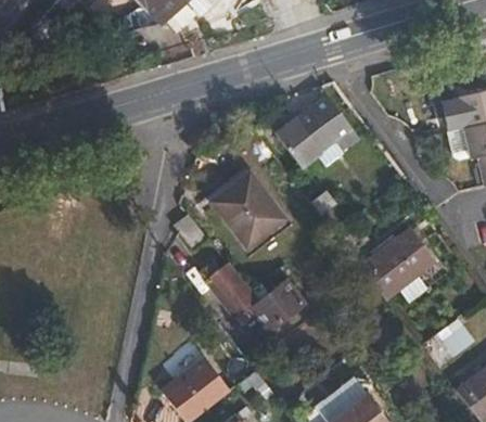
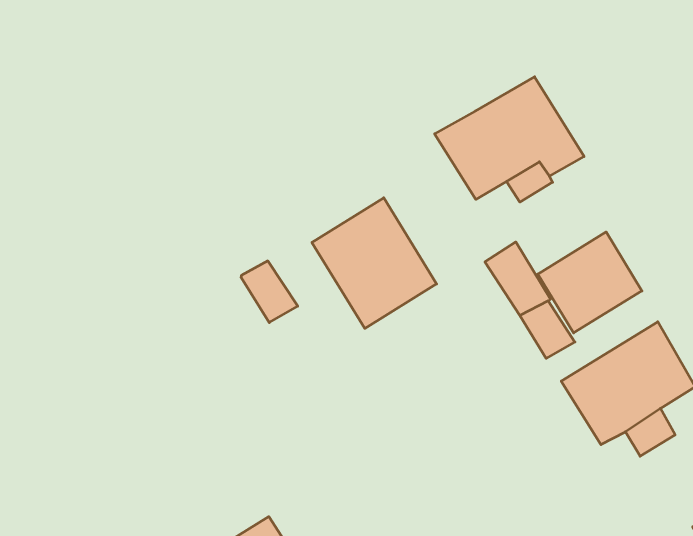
building: none -> [538,232,642,333]
building: [199,259,306,331] -> none

